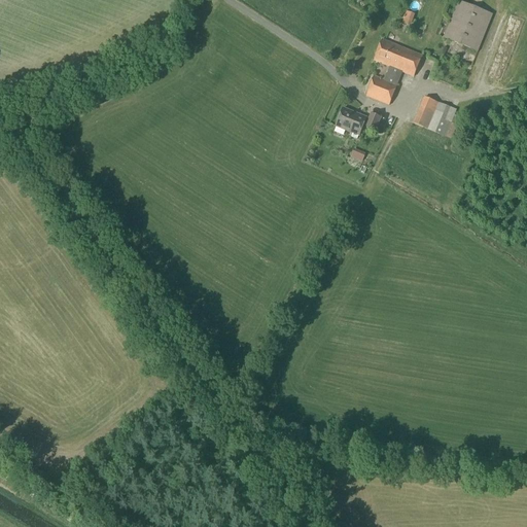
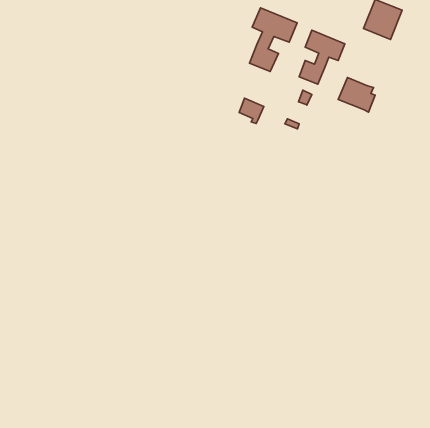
building: none -> [249,8,297,72]
building: [336,106,365,137] -> [239,98,264,123]

